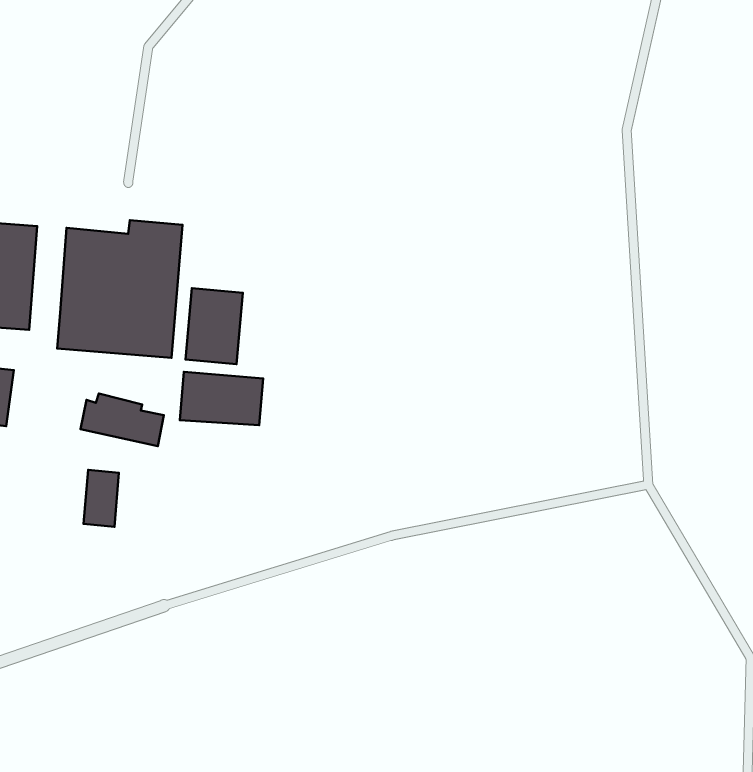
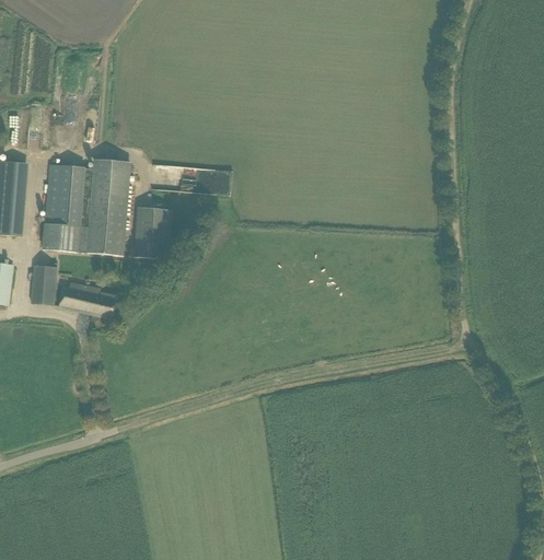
building: [180,372,263,425] -> none
building: [83,470,119,527] -> [31,264,56,304]

